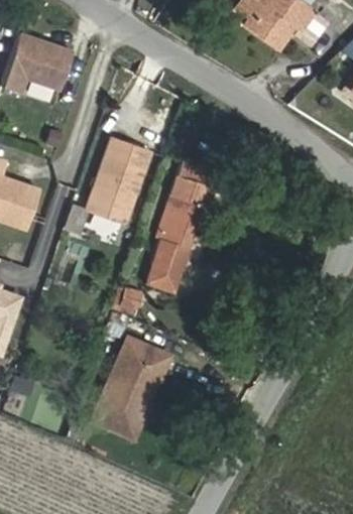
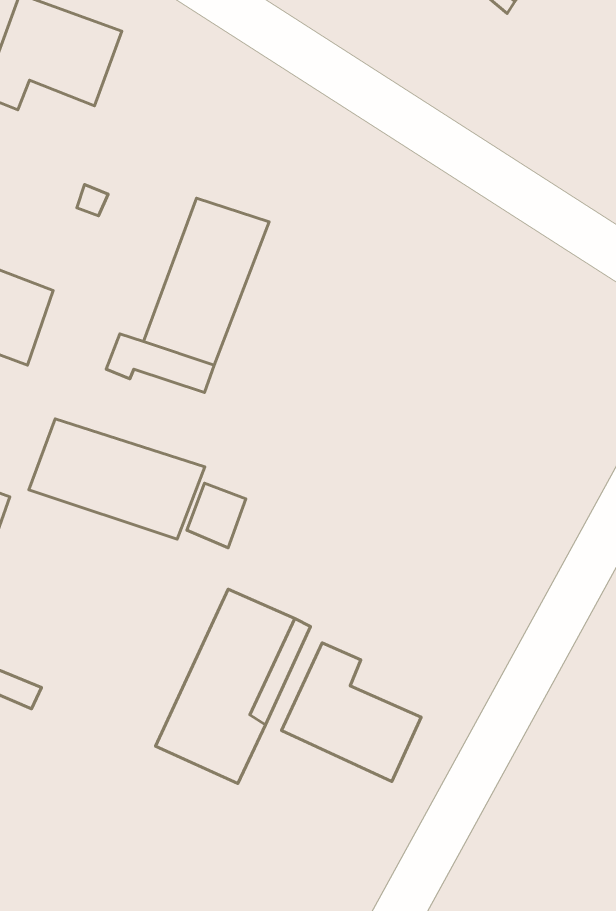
building: [147,145,223,276] -> none
building: none -> [29,419,205,539]
building: none -> [282,643,421,782]

